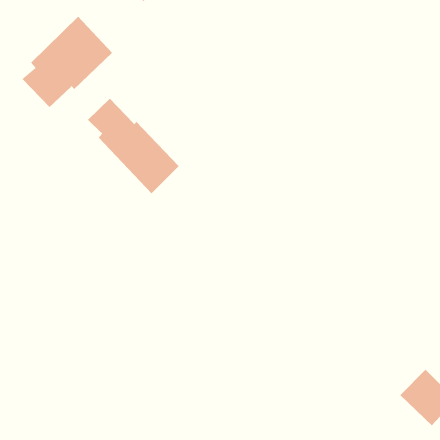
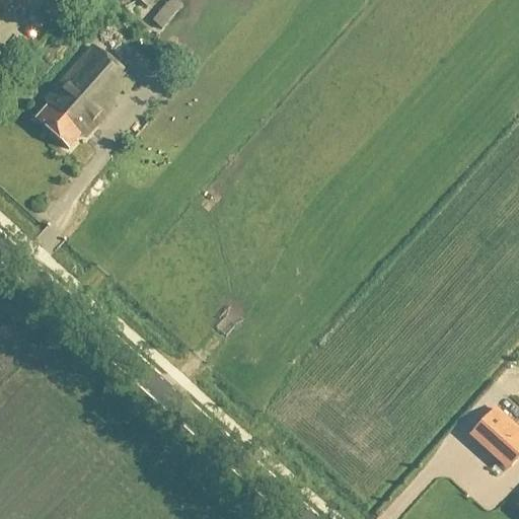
building: [87,98,180,194] -> none

